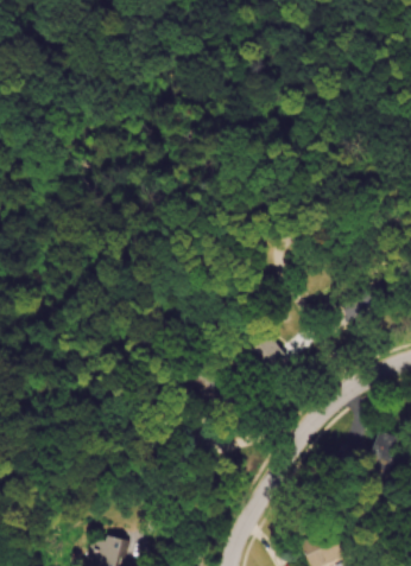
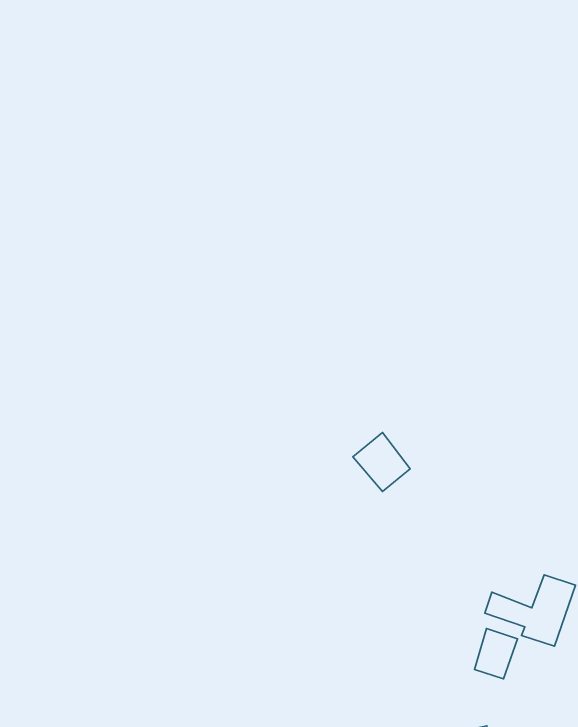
building: none -> [474,628,518,679]

